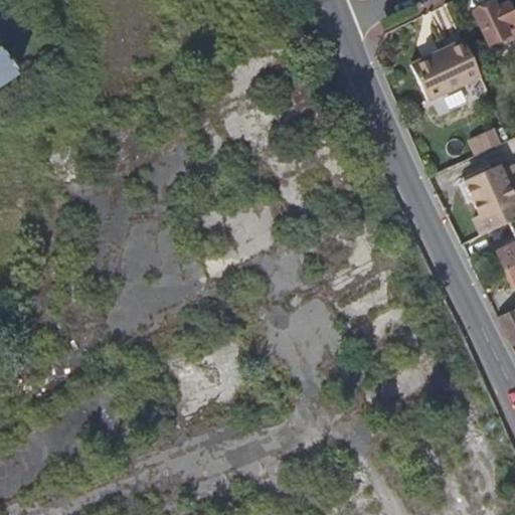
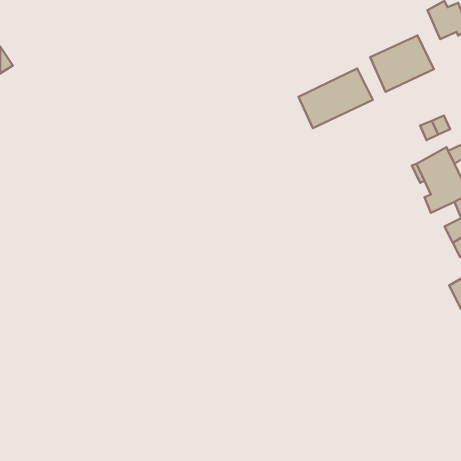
building: none -> [298,69,373,128]

